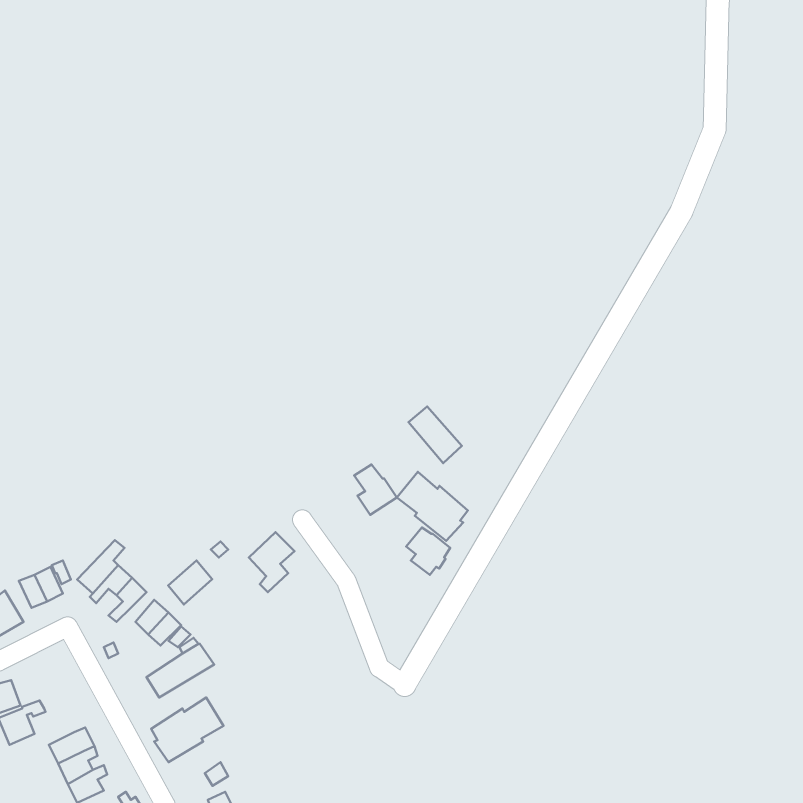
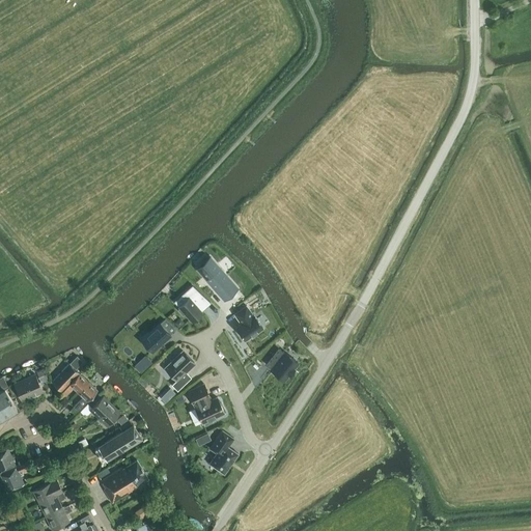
building: [408,407,462,463] -> [200,263,235,301]
building: none -> [177,297,203,322]
building: [397,472,468,541] -> none
building: [168,560,212,604] -> [140,324,169,353]
building: none -> [187,385,223,425]
building: none -> [208,430,236,475]

